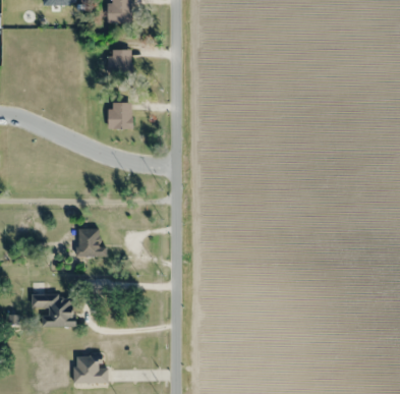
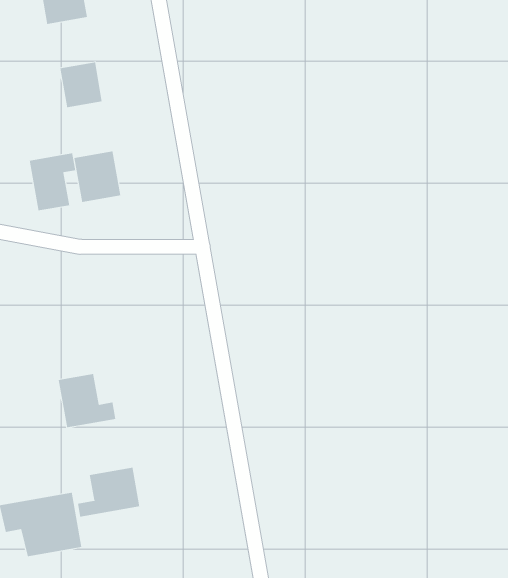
building: none -> [29,152,76,211]
building: none -> [77,467,140,517]

